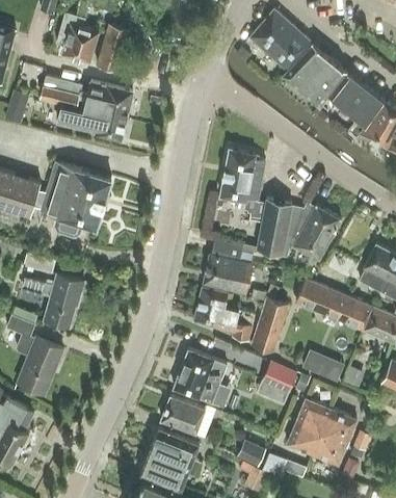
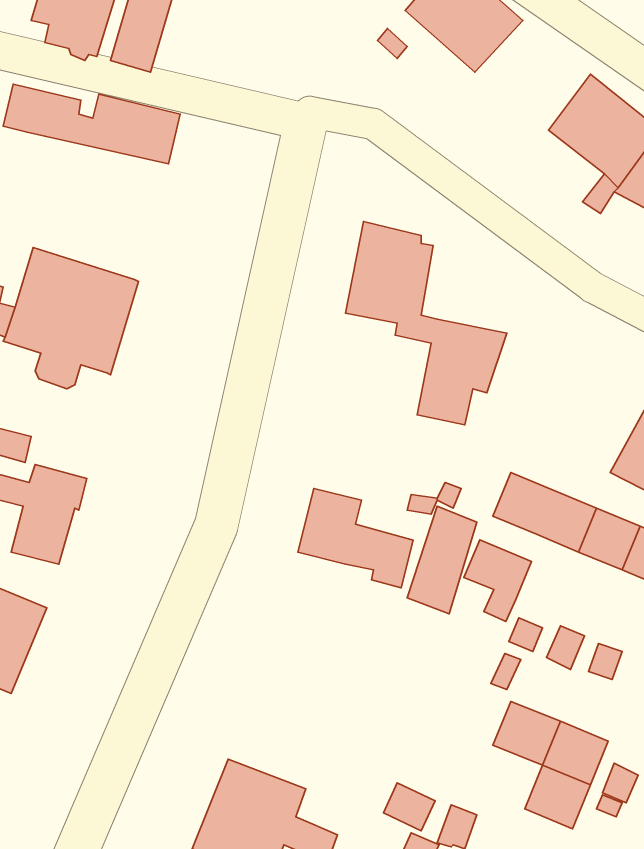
building: [283,44,347,108] -> none
building: [58,104,127,141] -> none
building: [293,203,341,261] -> none
building: [203,240,253,293] -> none
building: [174,350,227,403] -> none
building: [262,362,297,404] -> [464,540,532,621]
building: [161,397,205,435] -> none
building: [287,422,322,455] -> none

